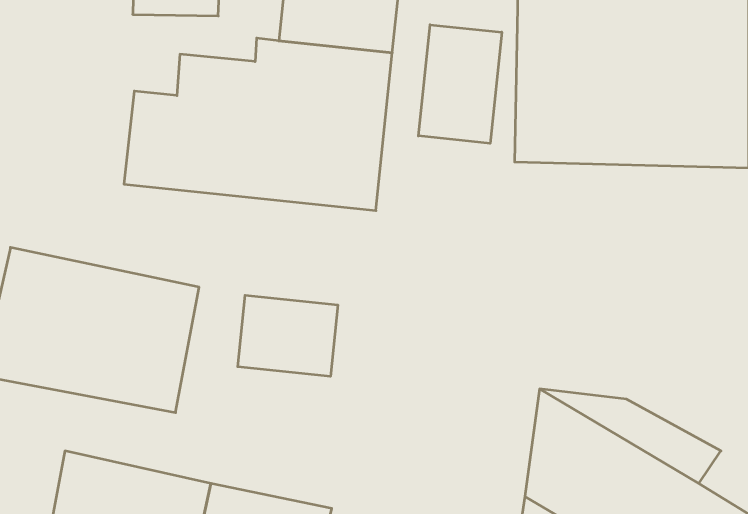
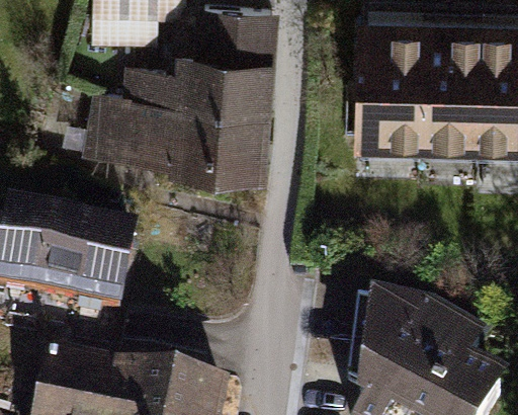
building: [418,25,502,143] -> none
building: [238,295,338,376] -> none

